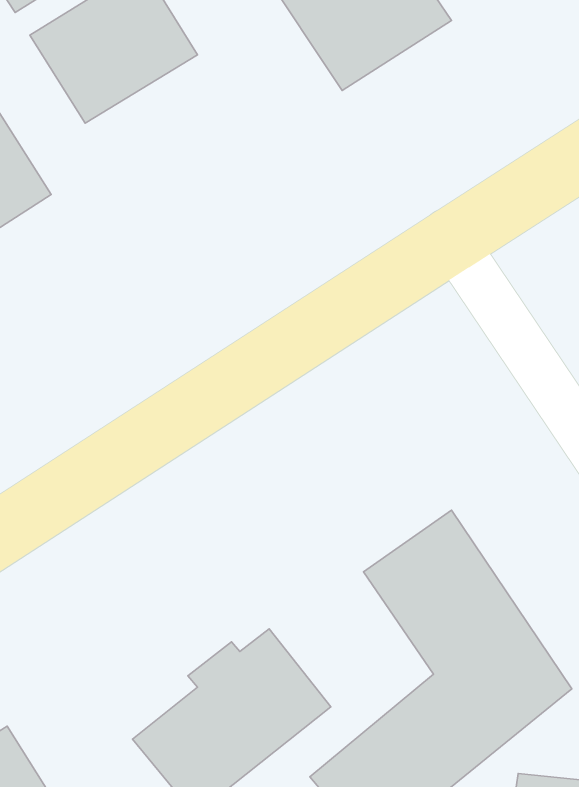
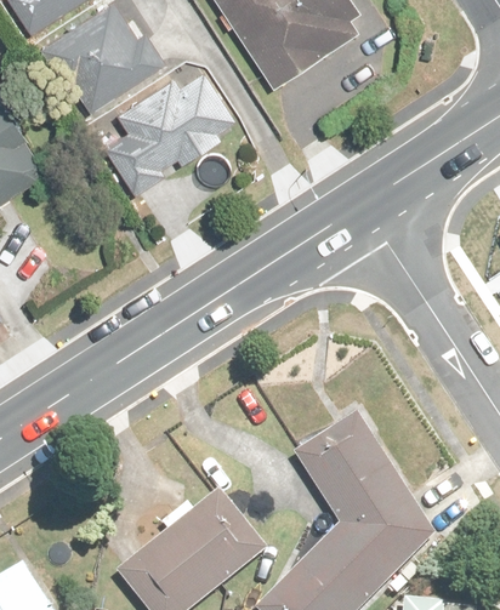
building: none -> [104,74,239,195]

